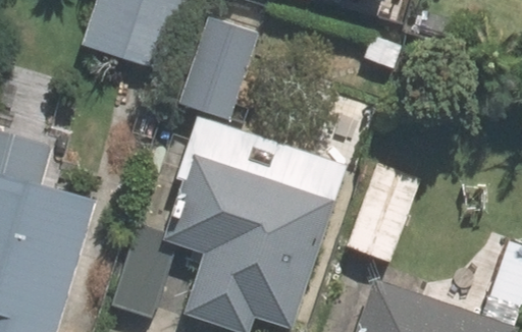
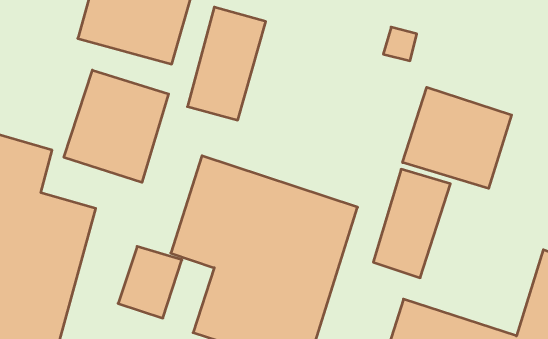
building: none -> [64,70,169,182]
building: none -> [403,87,512,188]

